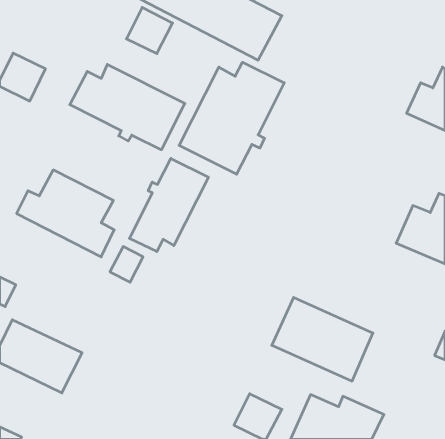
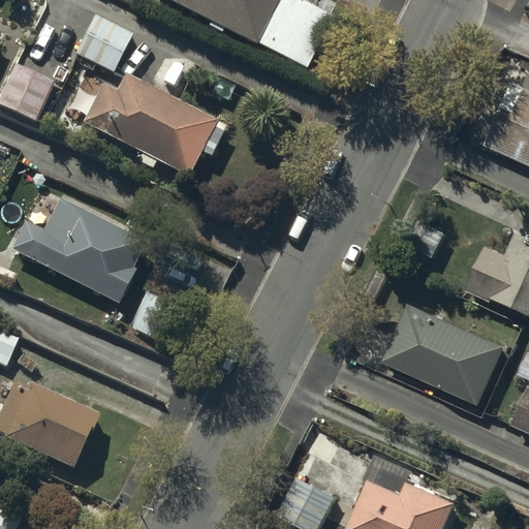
building: [126,7,173,54] -> [77,14,132,69]
building: [179,62,284,174] -> none
building: [129,158,208,252] -> none
building: [272,297,373,381] -> [384,304,504,403]

